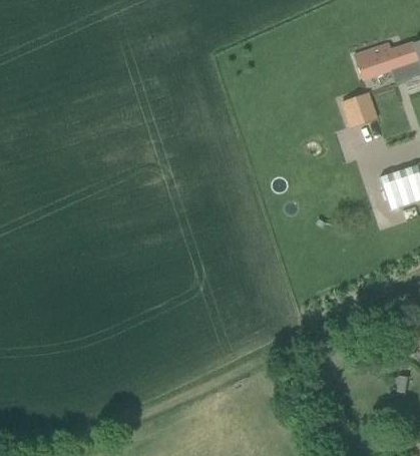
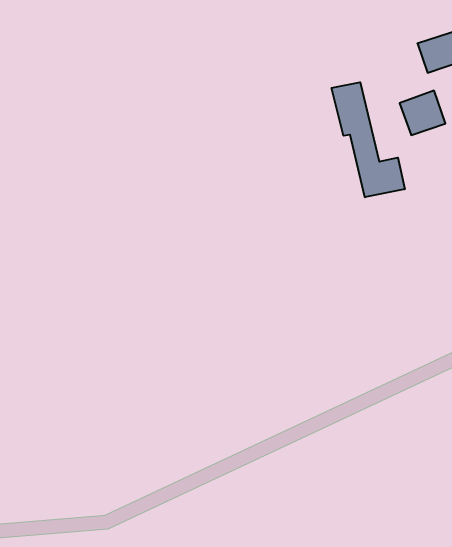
building: none -> [332,82,405,197]

